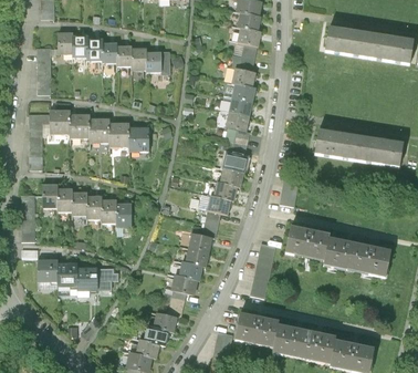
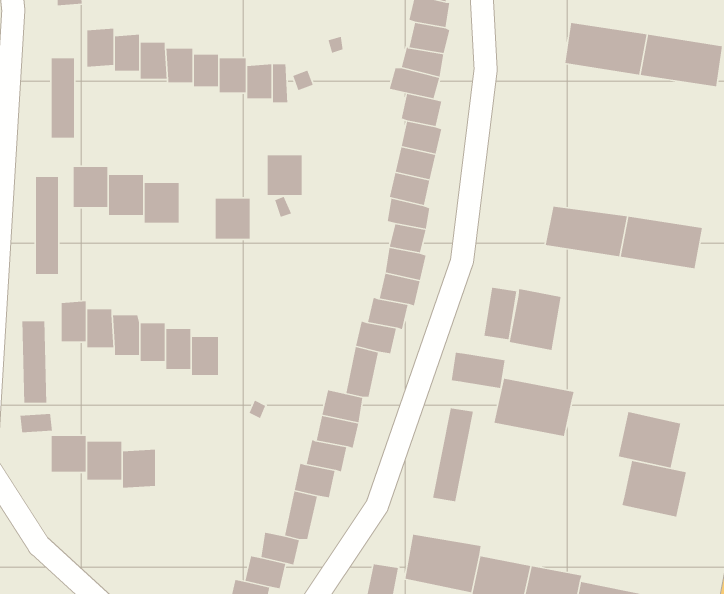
building: [109,122,129,145] -> [267,154,302,196]
building: none -> [509,288,562,351]
building: none -> [451,352,506,389]
building: [324,239,360,271] -> [622,460,687,517]

